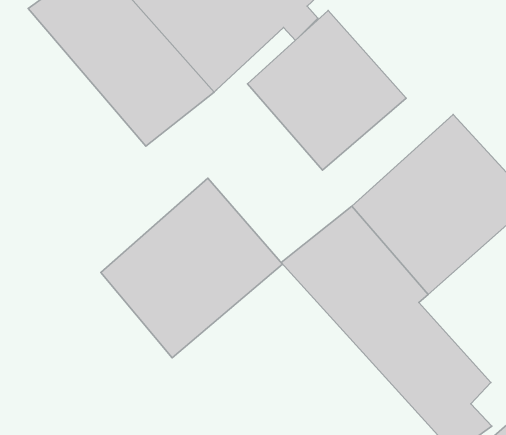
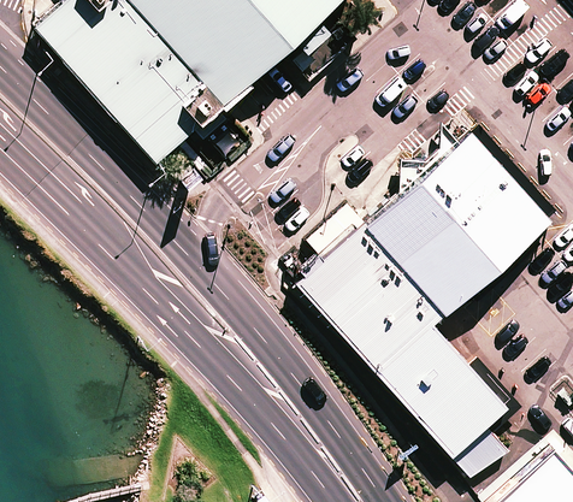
building: [247,11,406,170] -> none
building: [101,178,283,358] -> none

